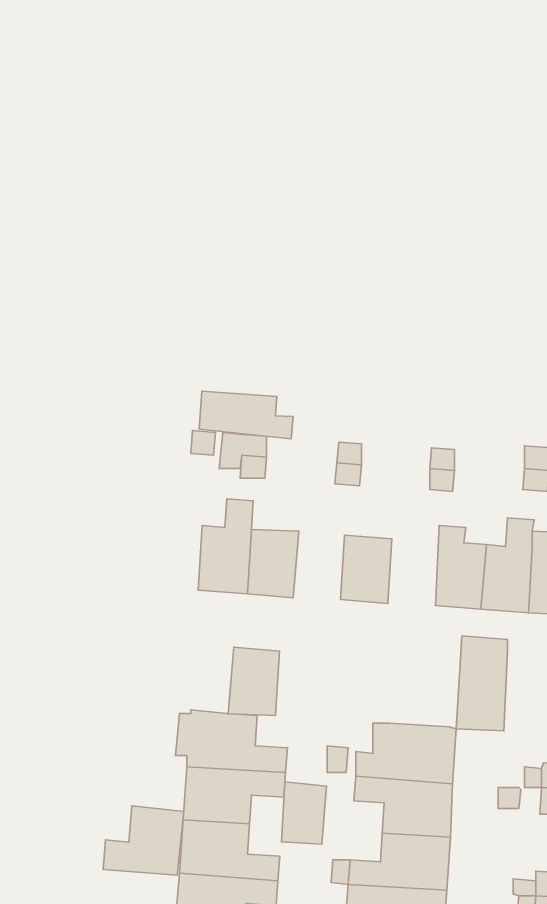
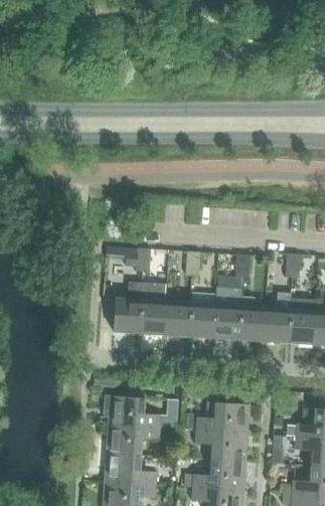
building: [199,391,293,439] -> none
building: [456,636,507,731] -> [213,289,240,339]
building: [228,647,279,716] -> [163,300,190,336]
building: [282,782,326,844] -> none
building: [103,806,184,875] -> none

